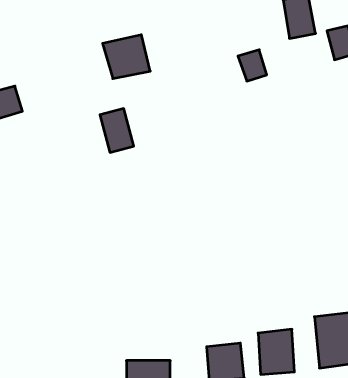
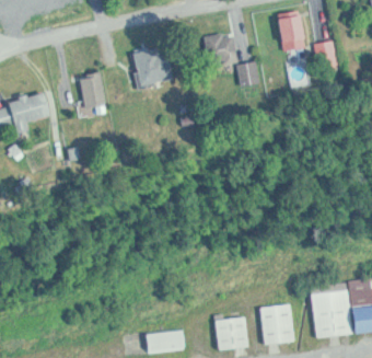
building: none -> [205,32,240,67]
building: [100,109,134,152] -> [79,71,108,109]

